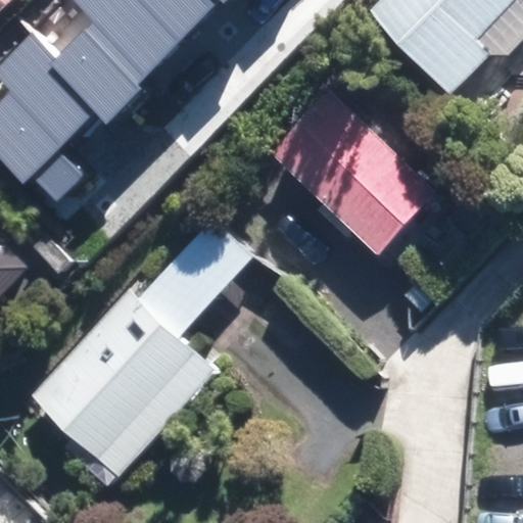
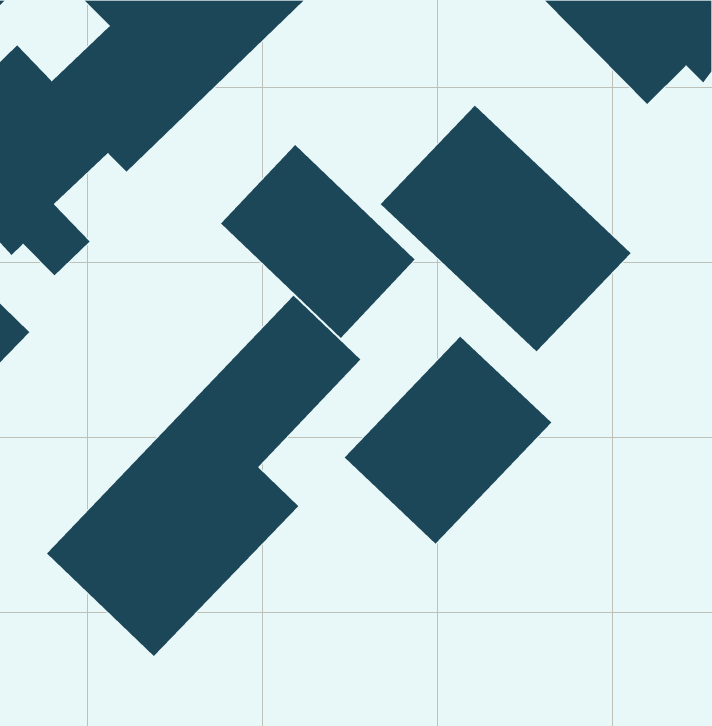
building: none -> [220,144,416,339]
building: none -> [344,336,552,544]

